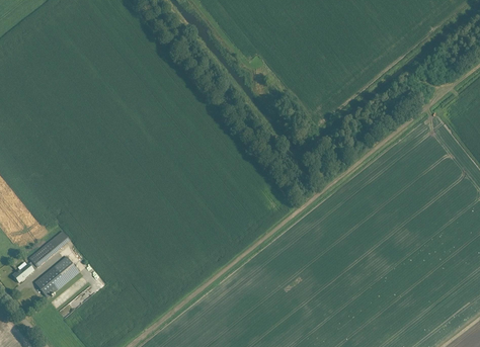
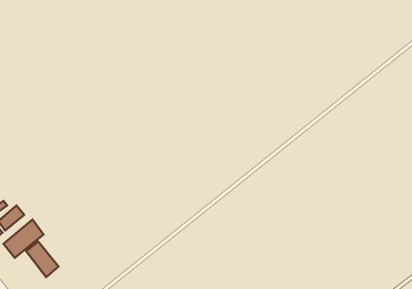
building: none -> [26,241,58,277]

